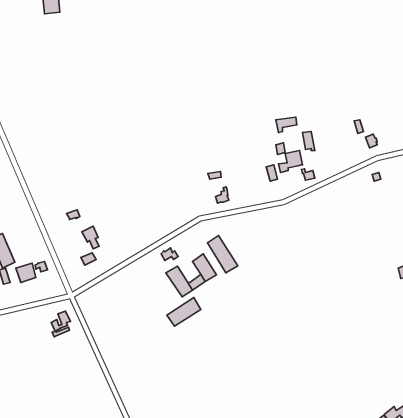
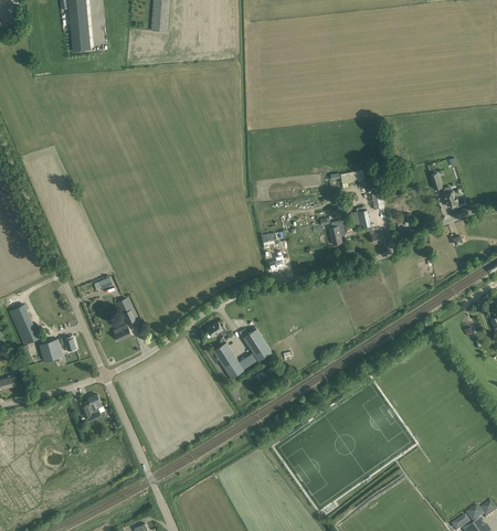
building: [207,235,238,273] -> none
building: [167,298,201,326] -> none

